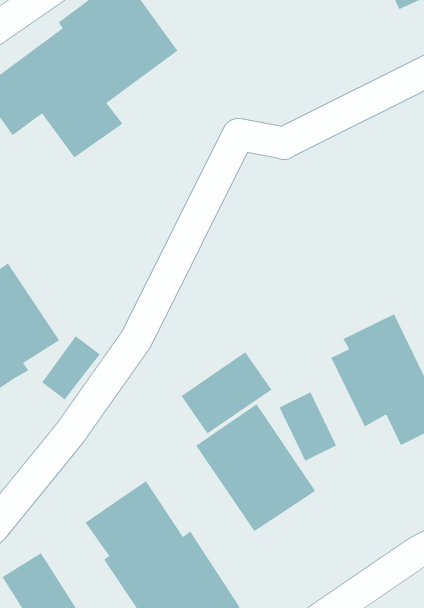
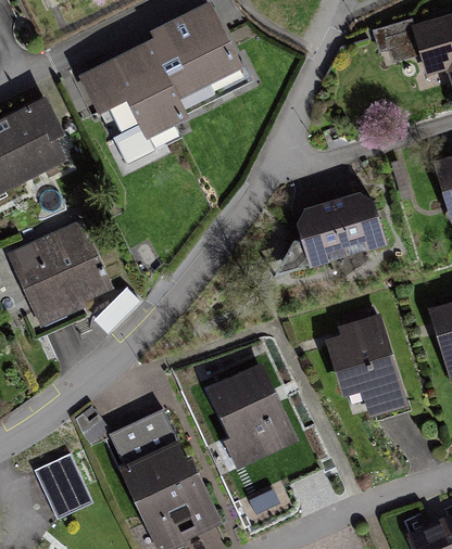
building: none -> [294,193,386,268]
building: [180,351,272,434] -> none
building: [278,391,337,462] -> none

